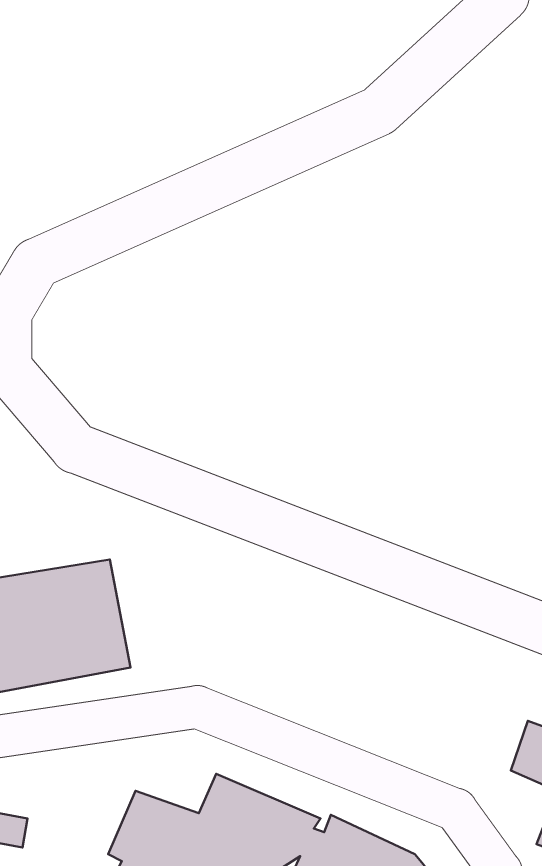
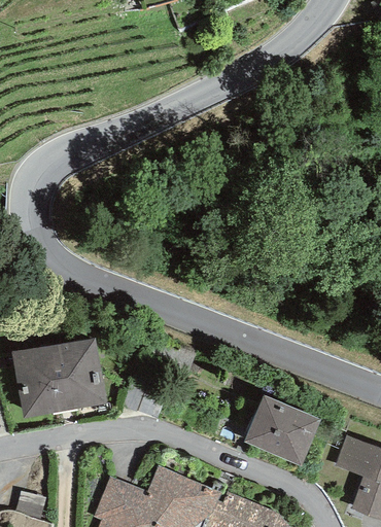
building: none -> [244,395,320,467]

